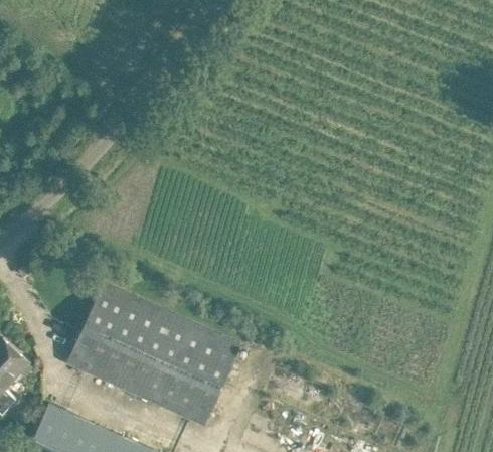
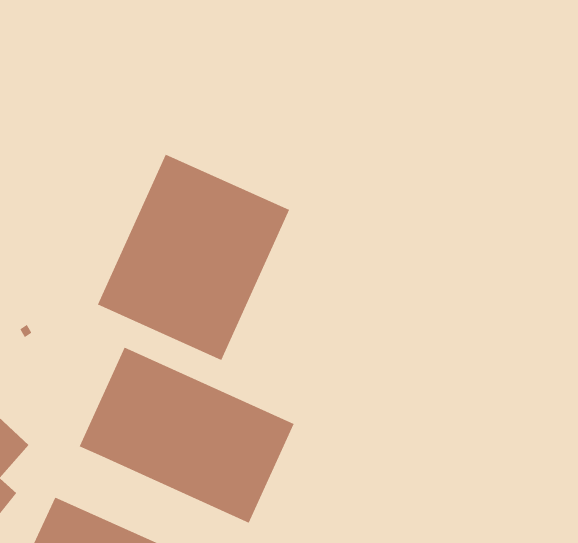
building: none -> [97,154,290,361]

